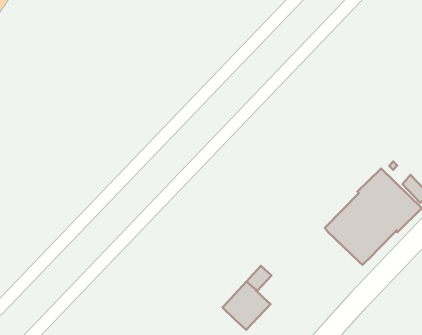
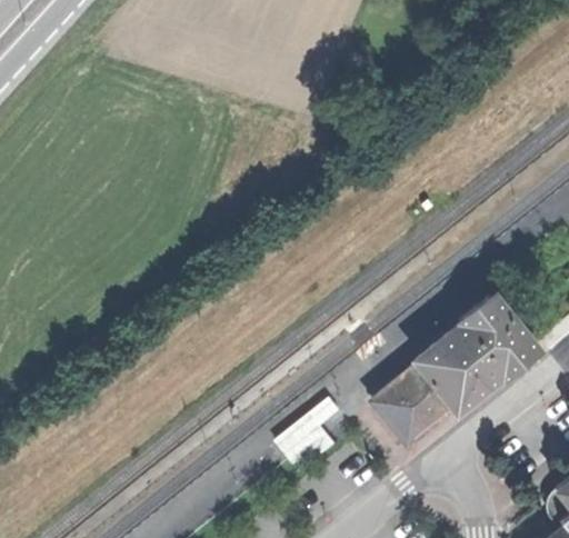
building: none -> [372,366,451,444]

